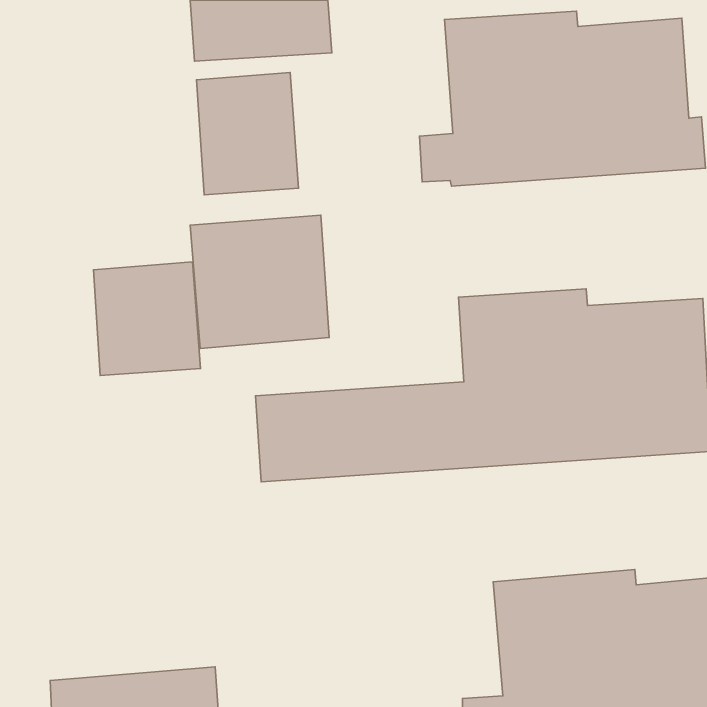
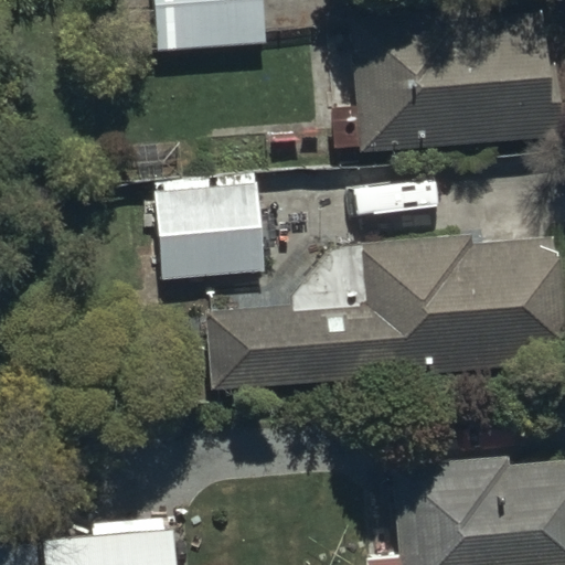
building: [197,72,299,195] -> none
building: [93,262,200,375] -> none

